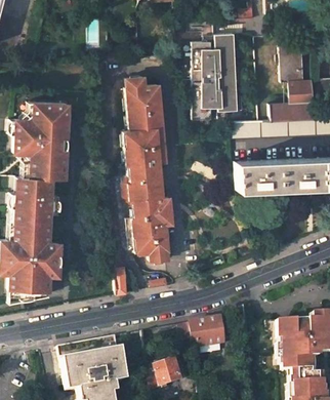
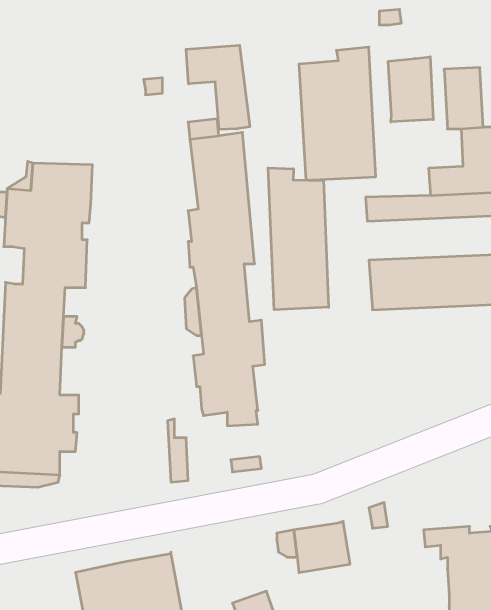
building: none -> [186,45,250,129]
building: none -> [388,57,433,122]
building: none -> [268,168,329,310]

